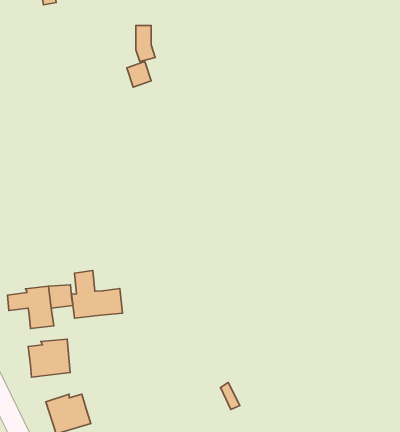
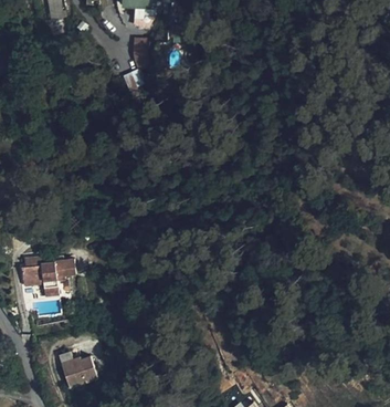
building: [72,271,123,318] -> none
building: [28,339,70,377] -> none

